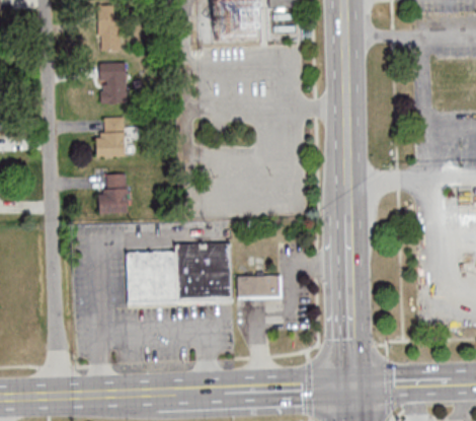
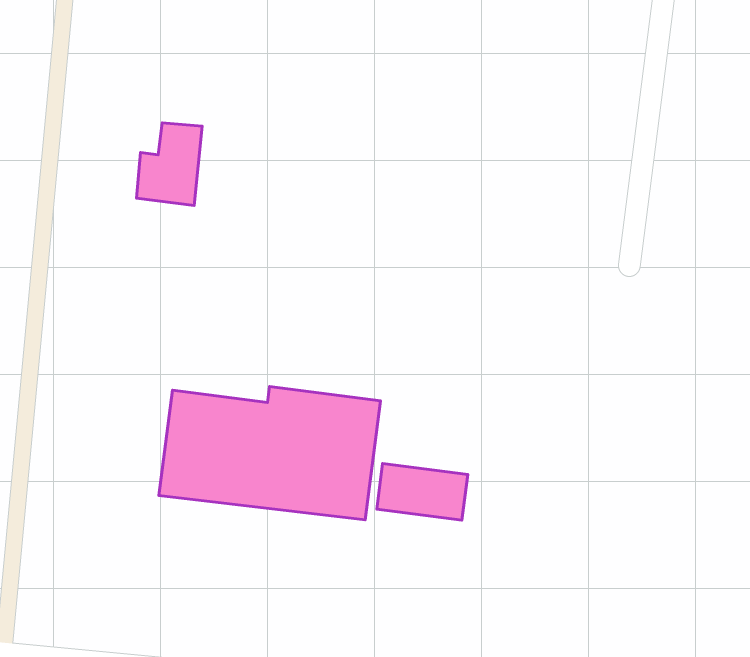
building: [100,61,128,102] -> none
building: [98,173,126,212] -> none

